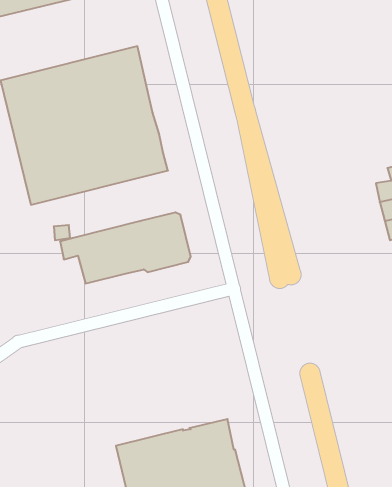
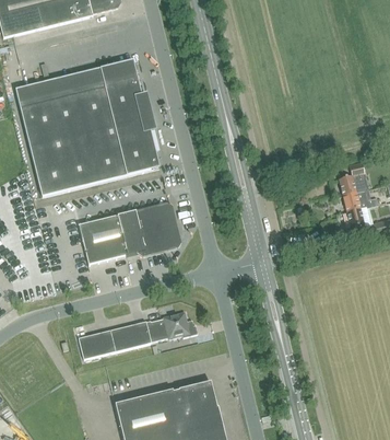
building: none -> [78,311,198,359]

